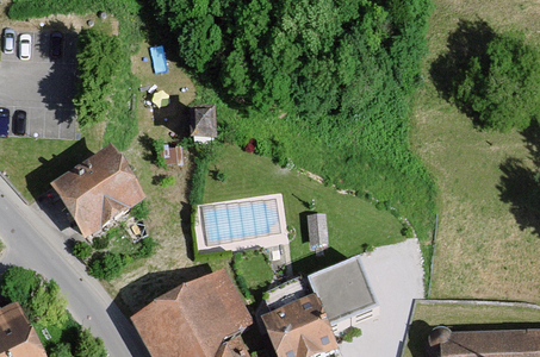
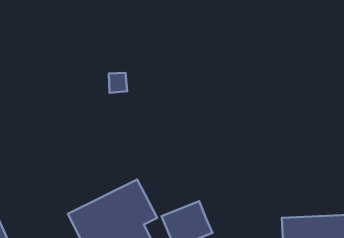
building: [50,136,147,228] -> none
building: [305,258,377,328] -> none

